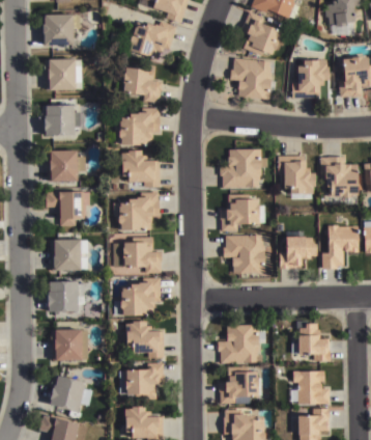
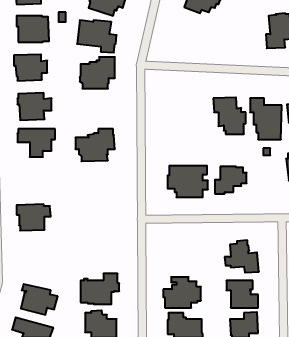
building: [229,57,277,99] -> none
building: [291,59,329,98] -> none
building: [220,148,267,187] -> none
building: [115,149,161,188] -> none
building: [220,194,264,231] -> none
building: [321,225,358,269] -> none
building: [122,237,162,273] -> none
building: [50,240,87,271] -> none
building: [120,278,161,317] -> none
building: [119,321,165,358] -> none
building: [218,325,265,363] -> none
building: [51,329,88,361] -> none

